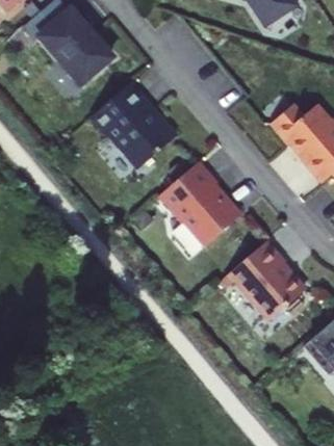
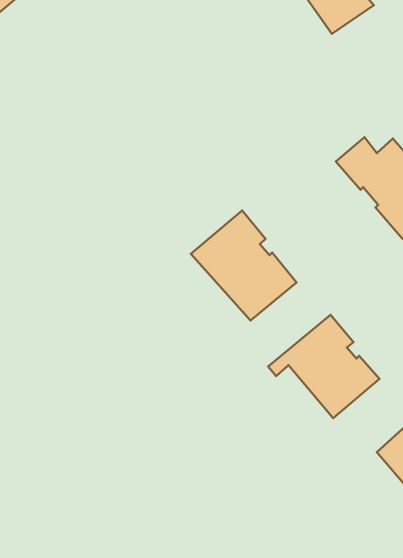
building: [41,10,112,85] -> none
building: [91,83,176,167] -> none

